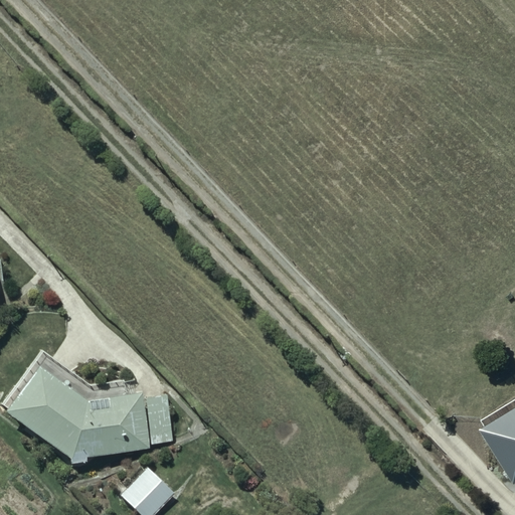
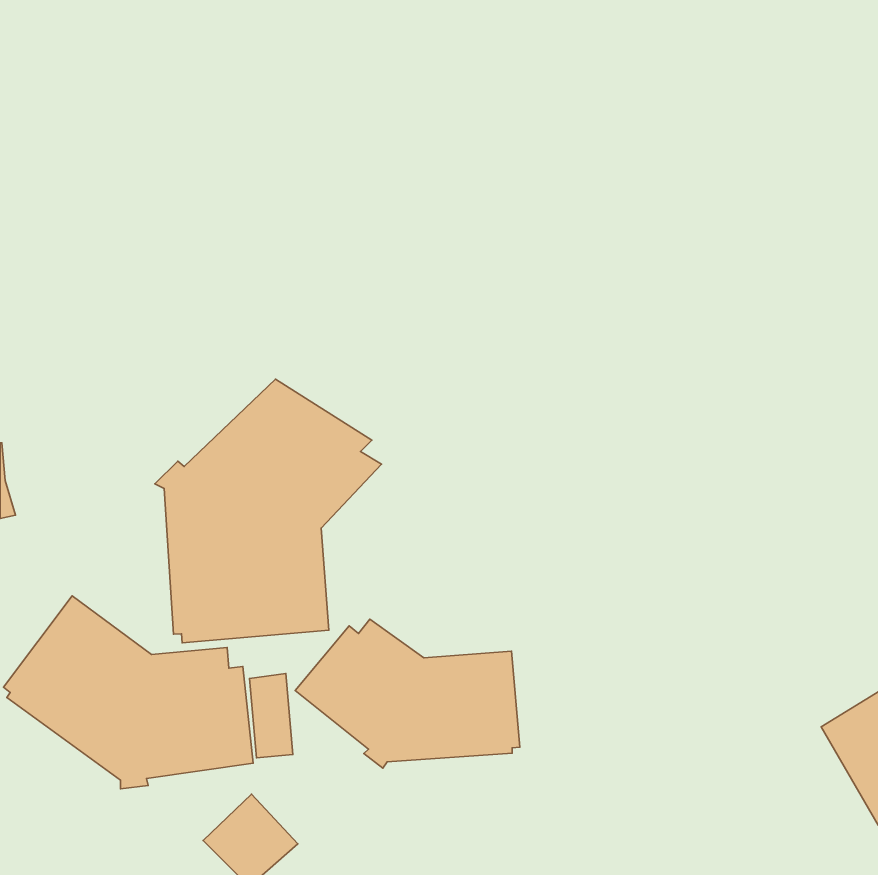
building: none -> [155,379,381,643]
building: none -> [295,619,520,768]

